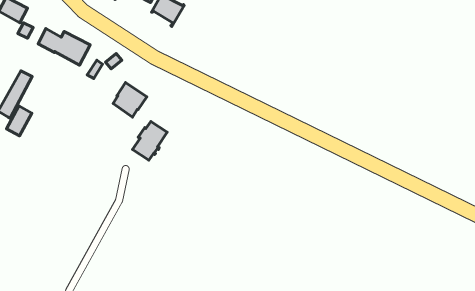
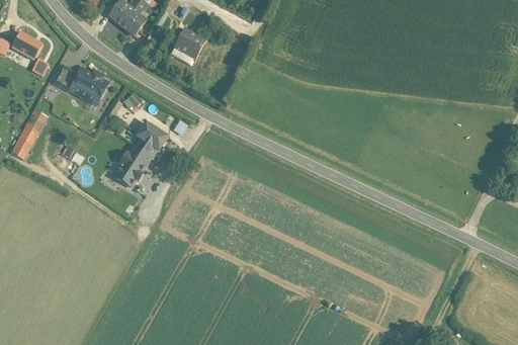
building: [7,106,32,136] -> none
building: [132,122,167,160] -> [113,146,150,186]

